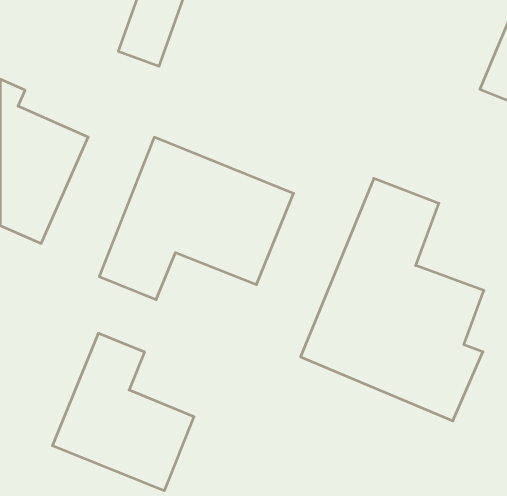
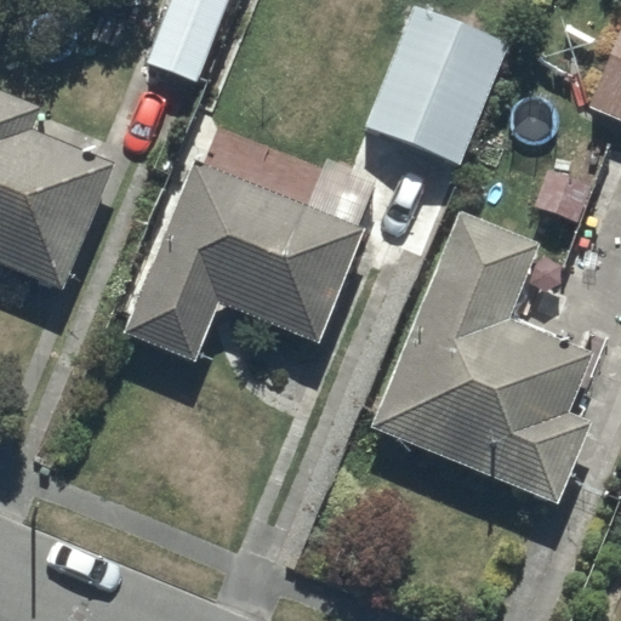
building: none -> [364,12,509,166]
building: [52,333,194,491] -> none

